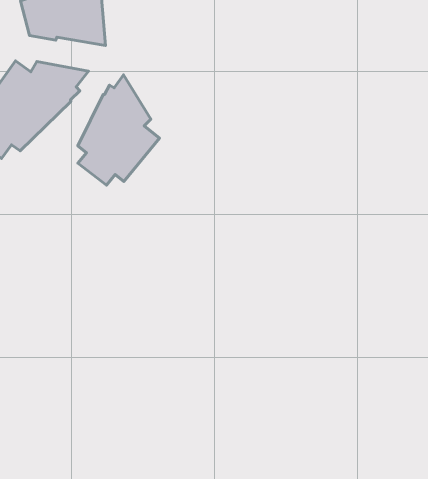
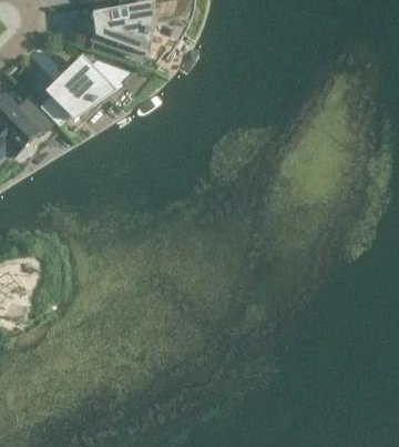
building: [78,75,159,185] -> none

